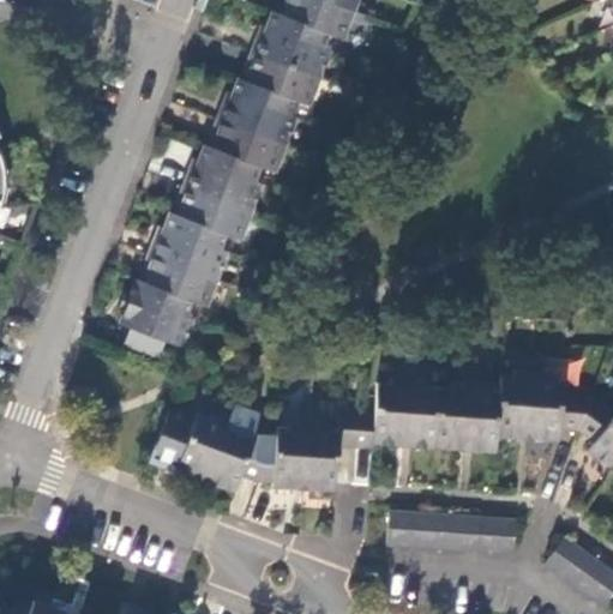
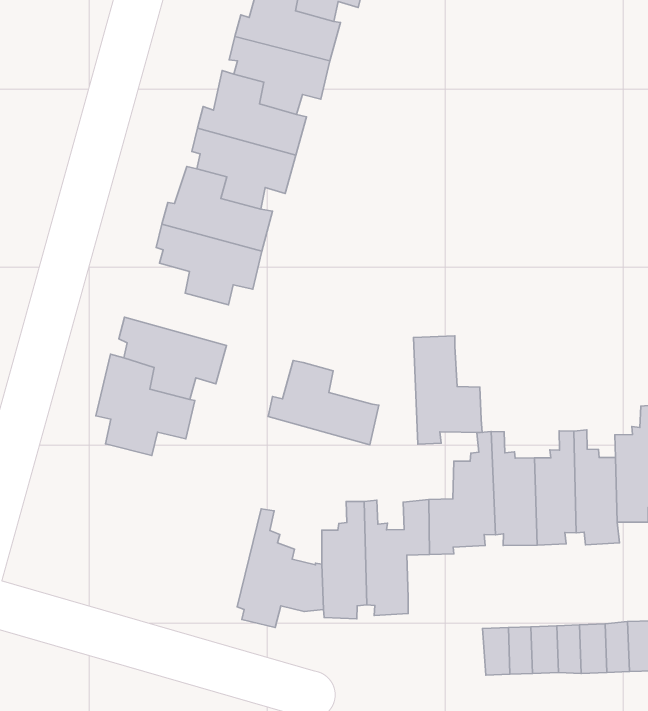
building: [148,212,230,281] -> [268,360,379,445]
building: none -> [414,336,482,444]
building: [151,399,234,480] -> none

